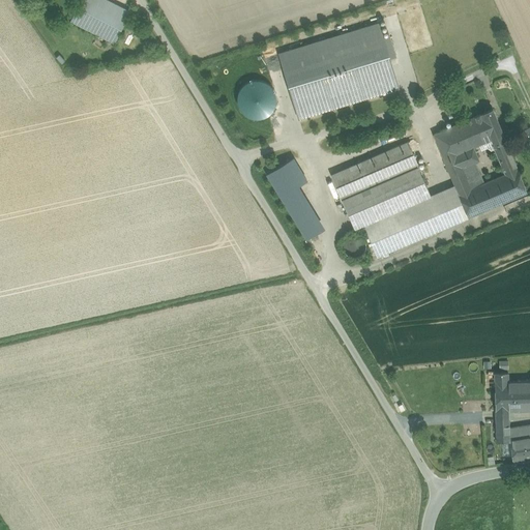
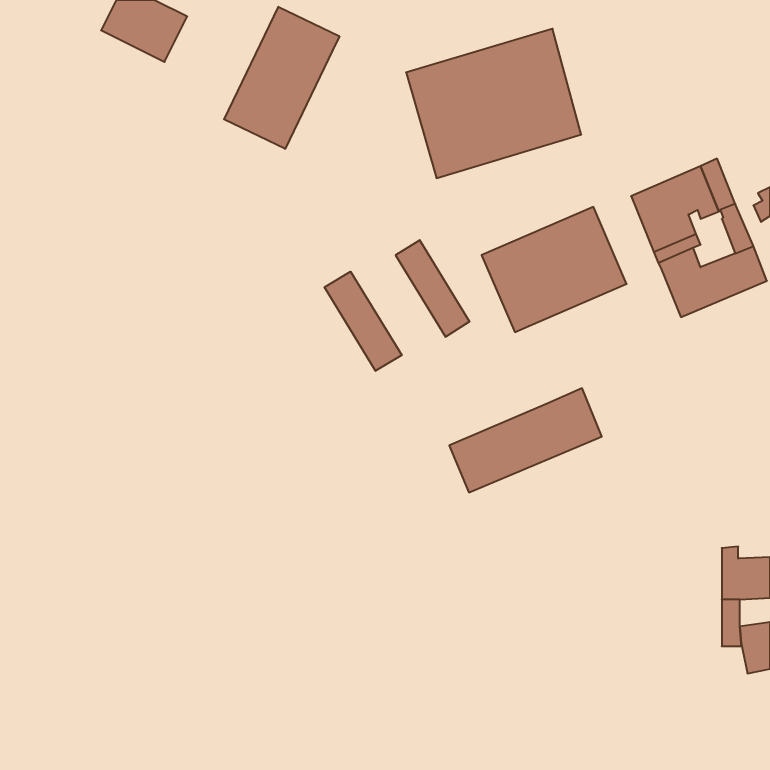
building: none -> [224,7,339,149]
building: [235,79,278,121] -> none
building: [362,185,467,257] -> [449,388,602,492]
building: none -> [324,272,402,371]

